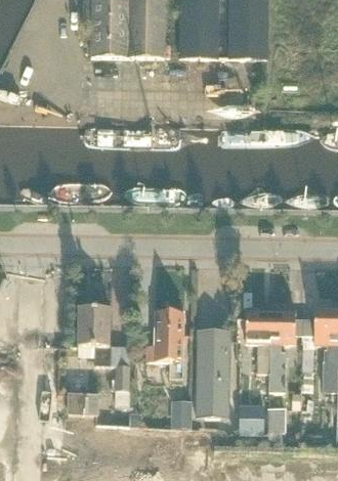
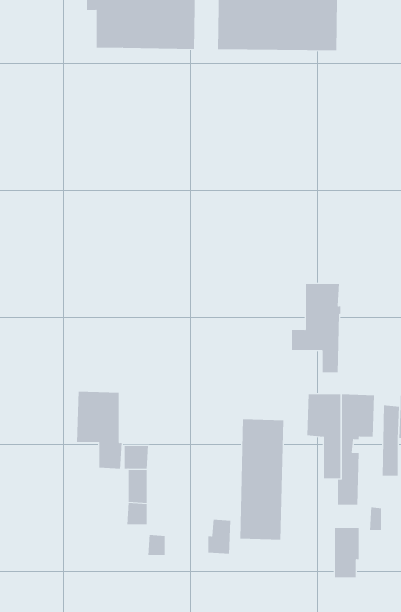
building: [145,310,182,376] -> [291,284,341,373]
building: [67,393,96,412] -> none
building: [238,403,263,434] -> none

